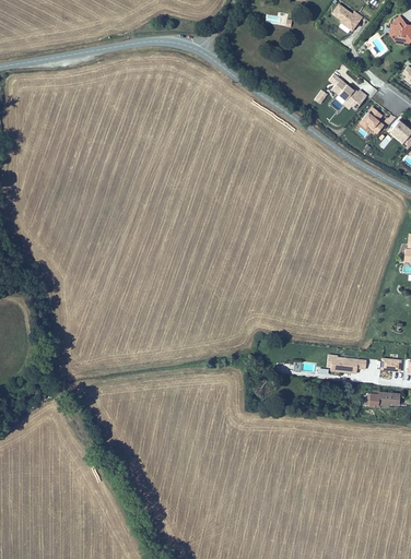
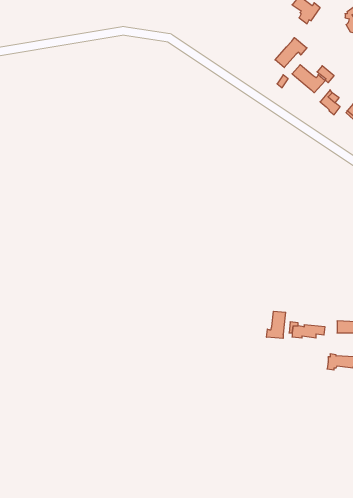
building: none -> [275,38,307,68]
building: none -> [267,311,286,338]

